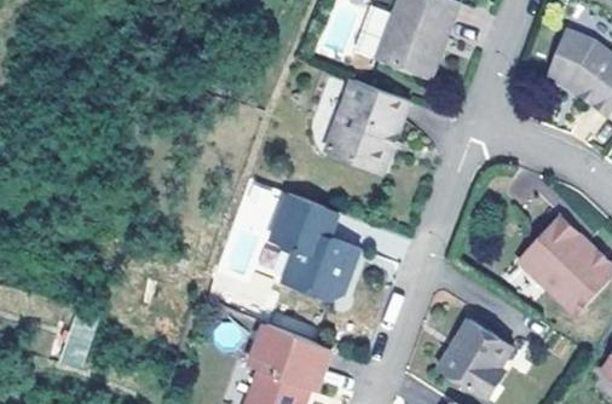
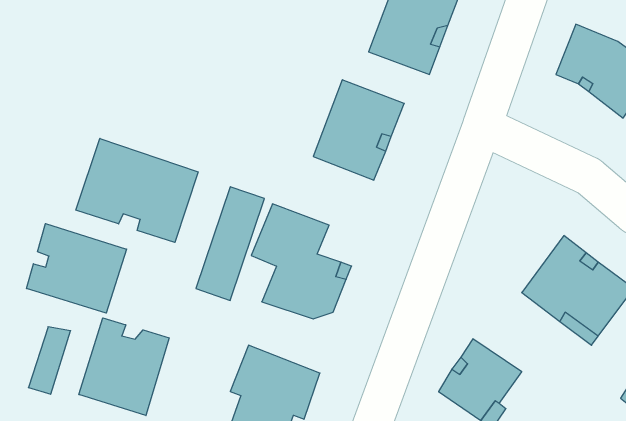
building: none -> [76,138,198,242]
building: none -> [27,224,127,313]
building: none -> [79,318,169,416]

